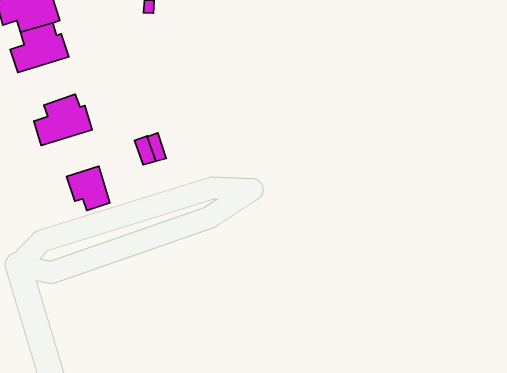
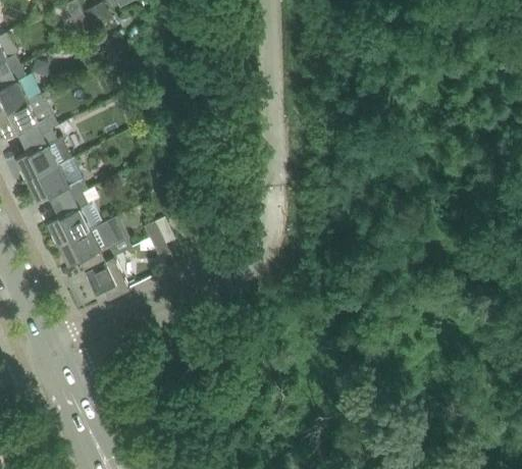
building: none -> [27,157,83,205]
building: none -> [58,219,115,268]

